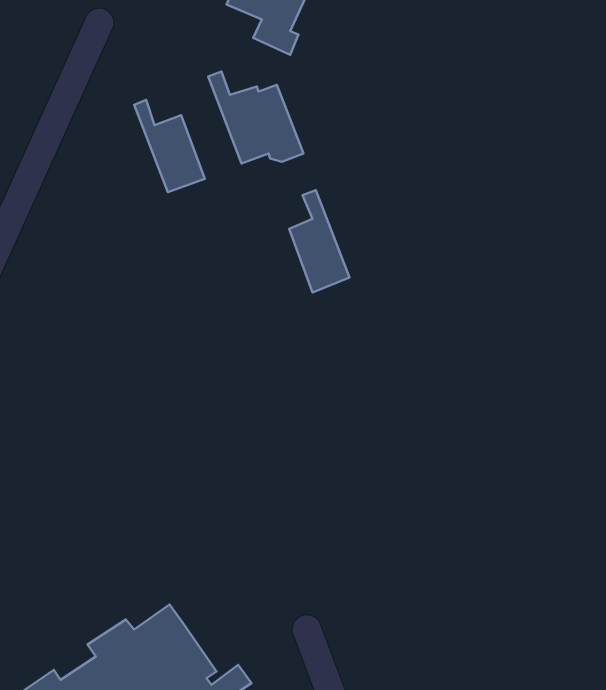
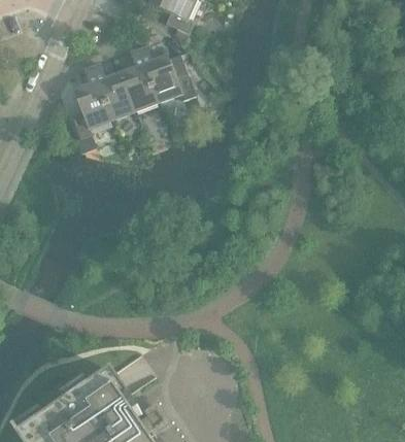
building: none -> [69,65,111,138]
building: [289,190,349,292] -> [120,47,157,110]

